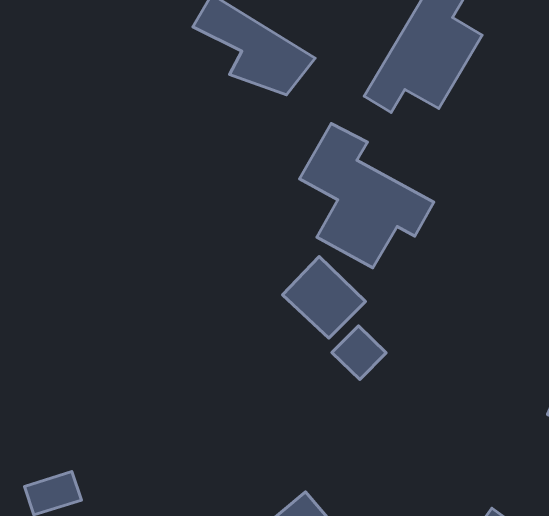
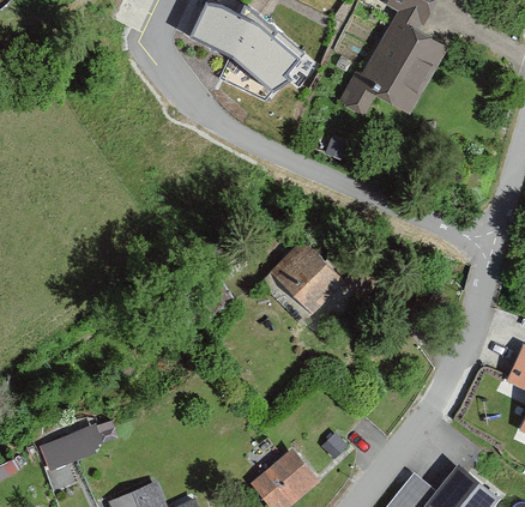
building: [299,124,434,268] -> none
building: [332,326,386,379] -> none

